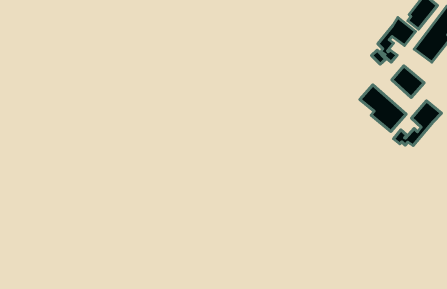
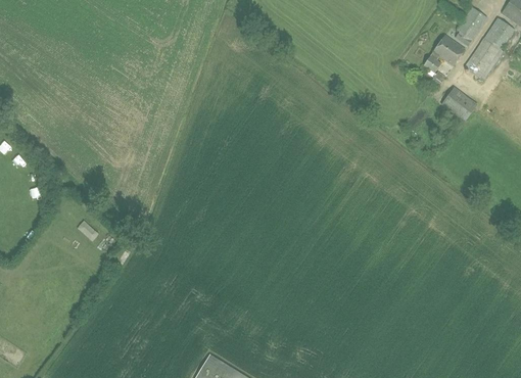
building: [360,85,406,131] -> none
building: [393,101,442,145] -> none

